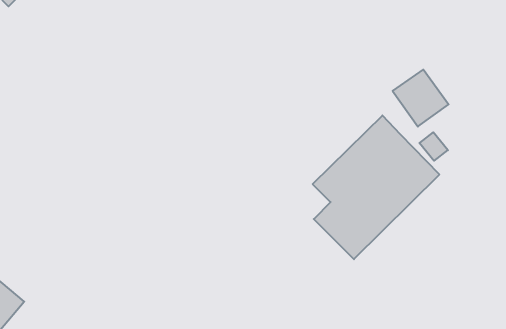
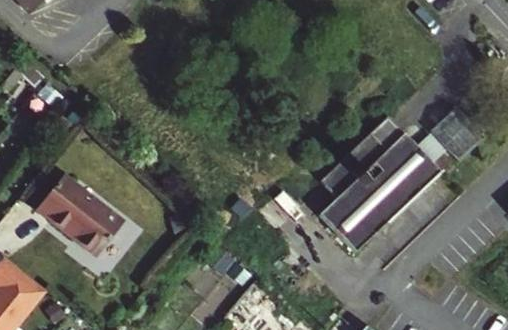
building: [393,70,449,127] -> [435,106,488,160]
building: none -> [37,177,123,258]

